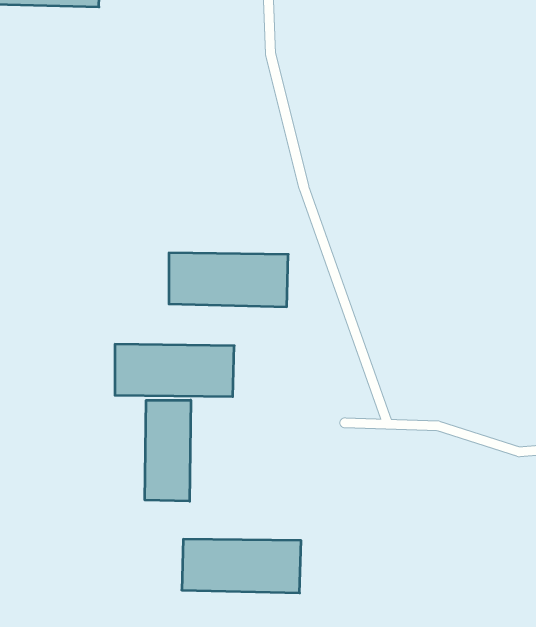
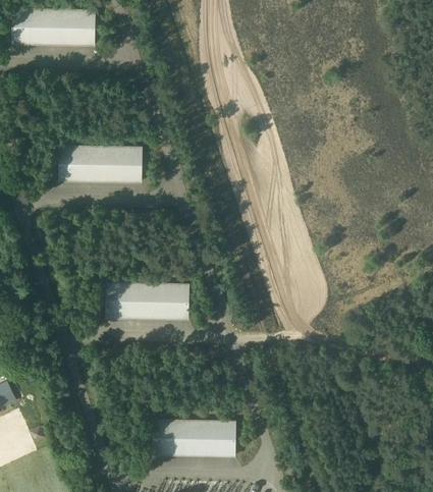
building: [169,253,288,307] -> [58,145,142,182]
building: [145,400,191,501] -> none

